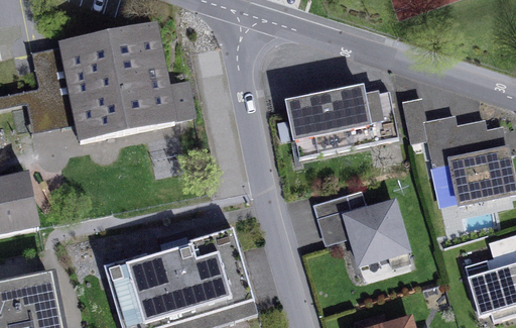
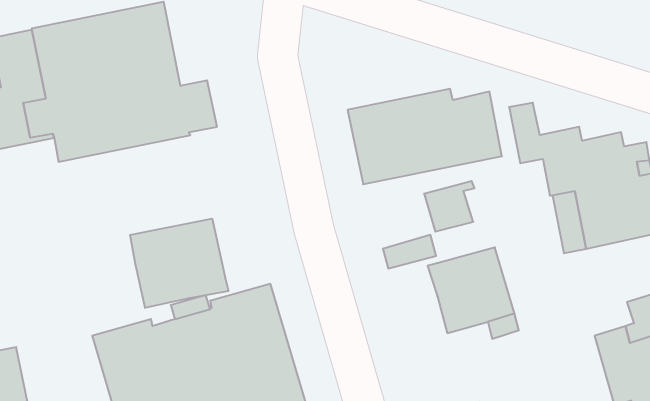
building: none -> [130,219,228,308]
building: [317,208,354,244] -> [424,181,475,232]

